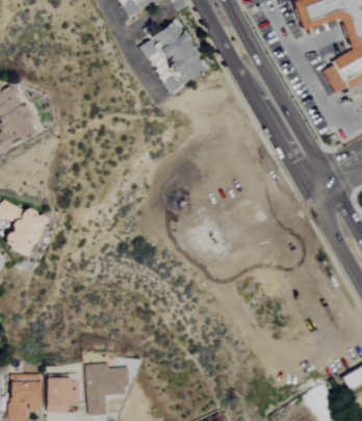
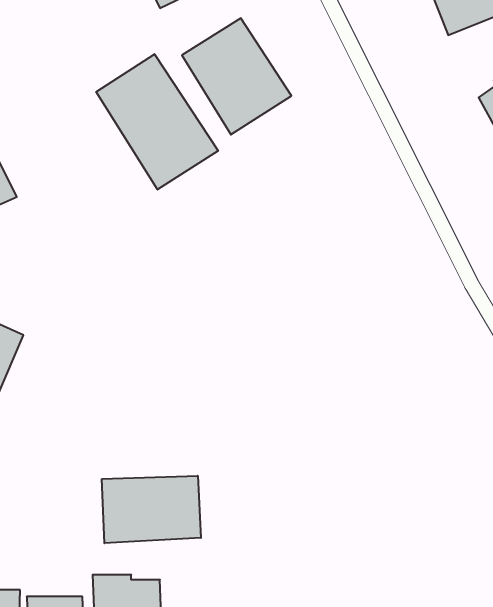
building: none -> [96,54,218,190]
building: none -> [102,476,201,543]

